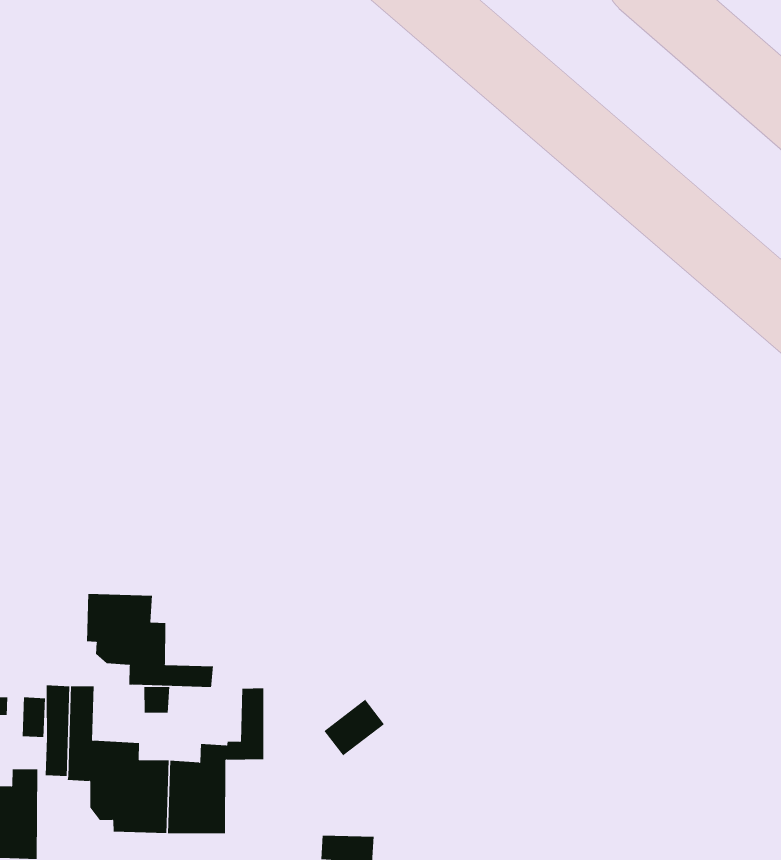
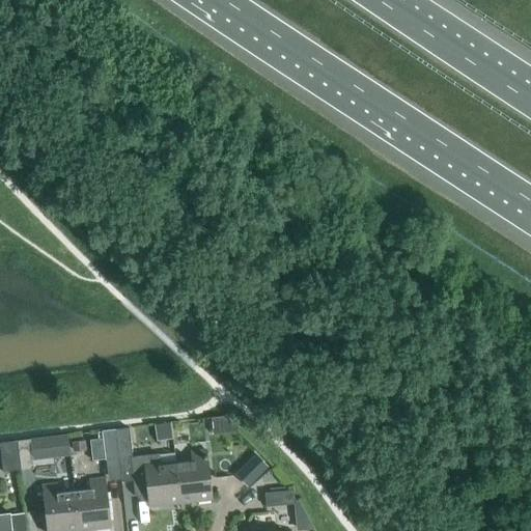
building: [86,593,213,688] -> none
building: [324,699,385,756] -> [235,454,269,487]

